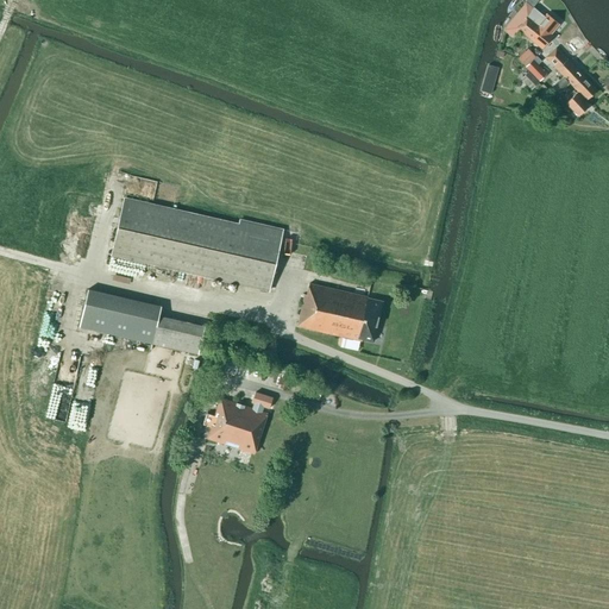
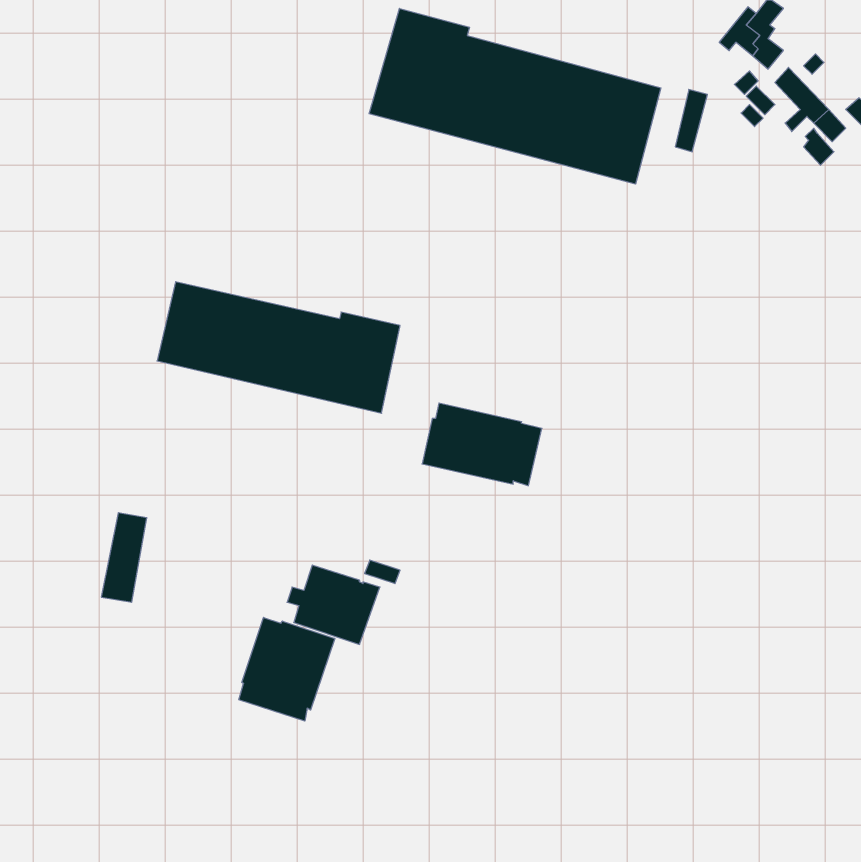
building: none -> [369,8,661,184]
building: [80,287,206,354] -> none
building: none -> [239,617,335,721]

